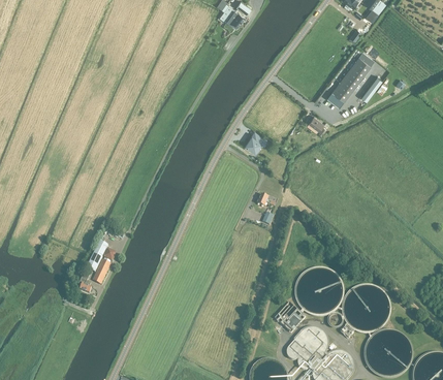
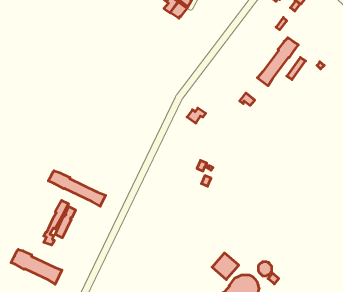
building: none -> [48,171,106,206]
building: none -> [11,249,62,284]

